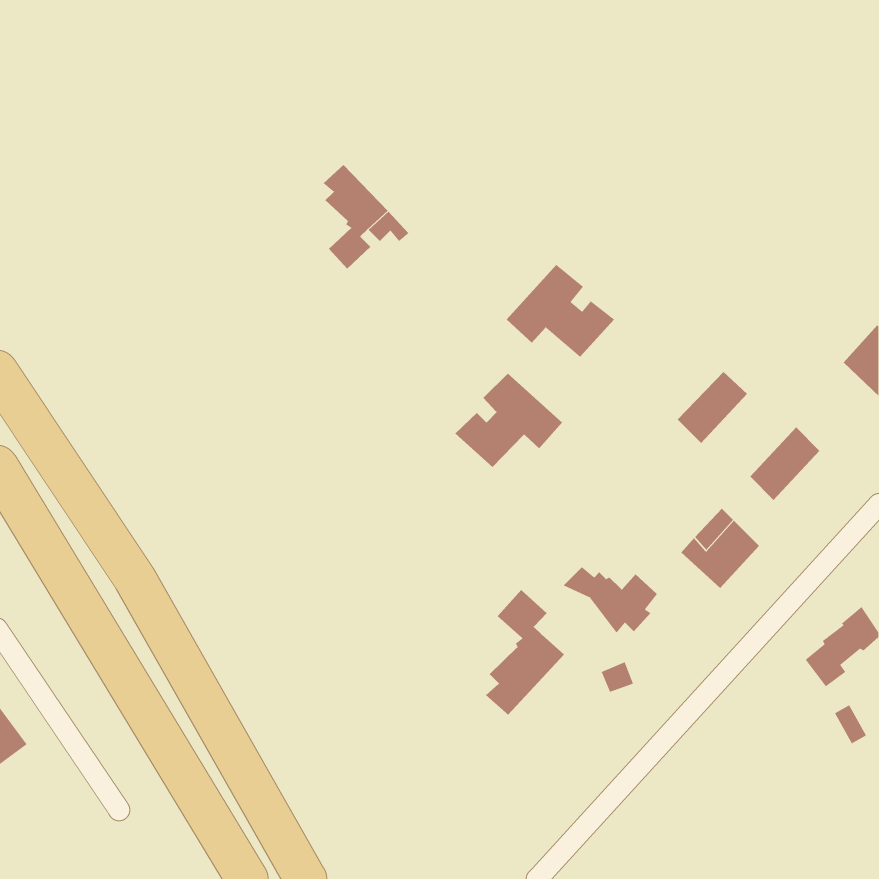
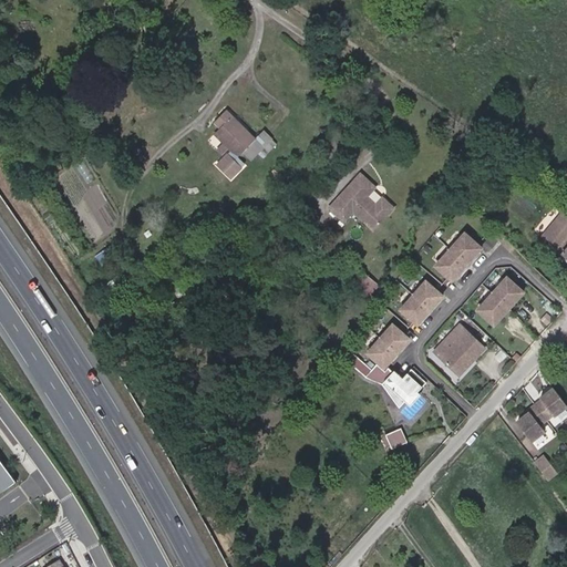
building: [455,373,563,468] -> none
building: none -> [399,281,440,324]
building: none -> [367,320,409,363]
building: [485,589,565,715] -> none

